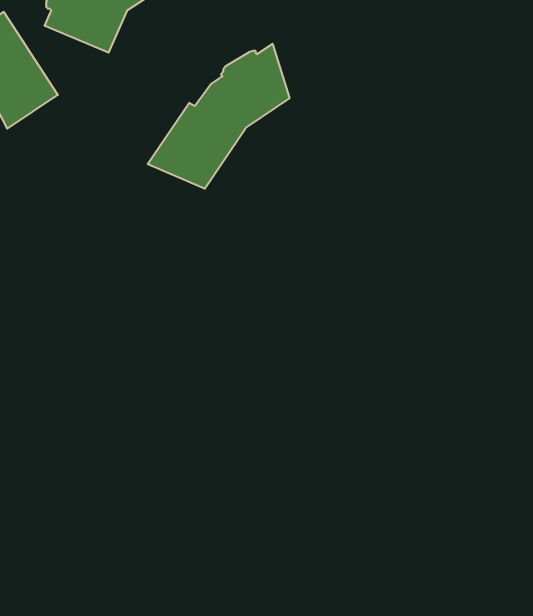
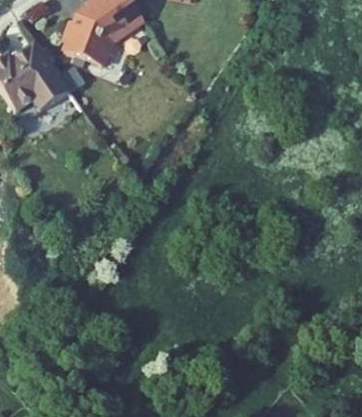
building: [148,44,290,189] -> none

